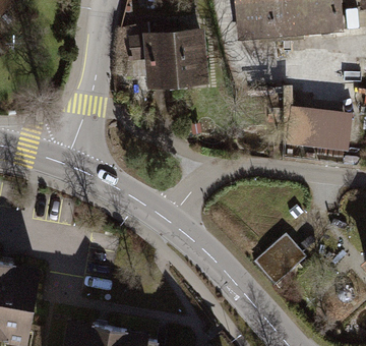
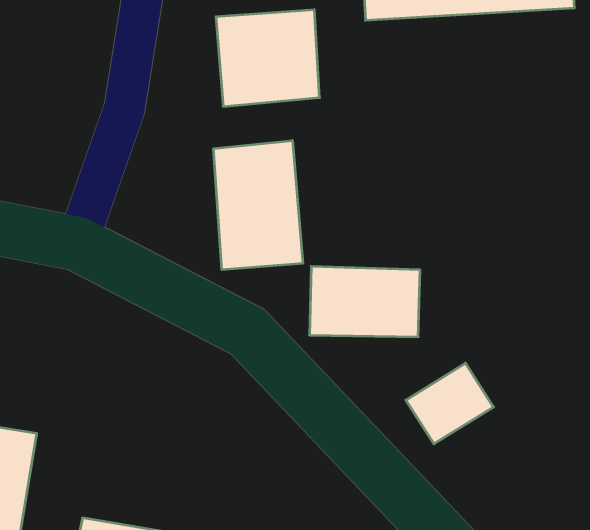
building: none -> [214,140,303,270]
building: [289,107,353,148] -> [309,266,420,337]

